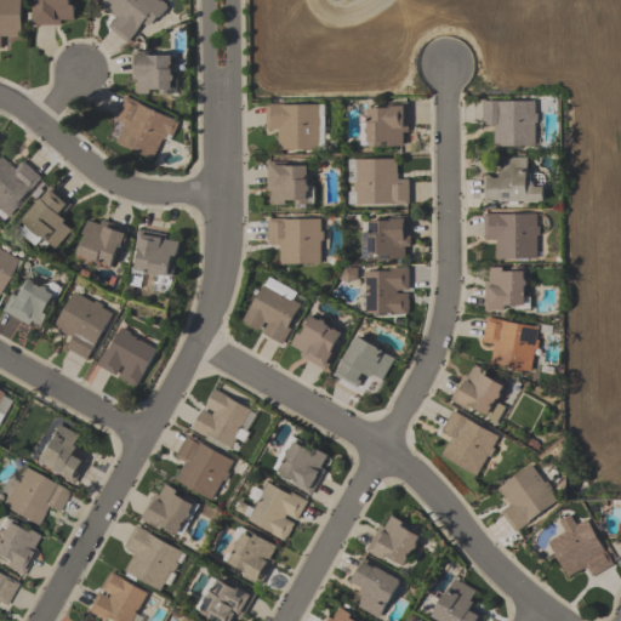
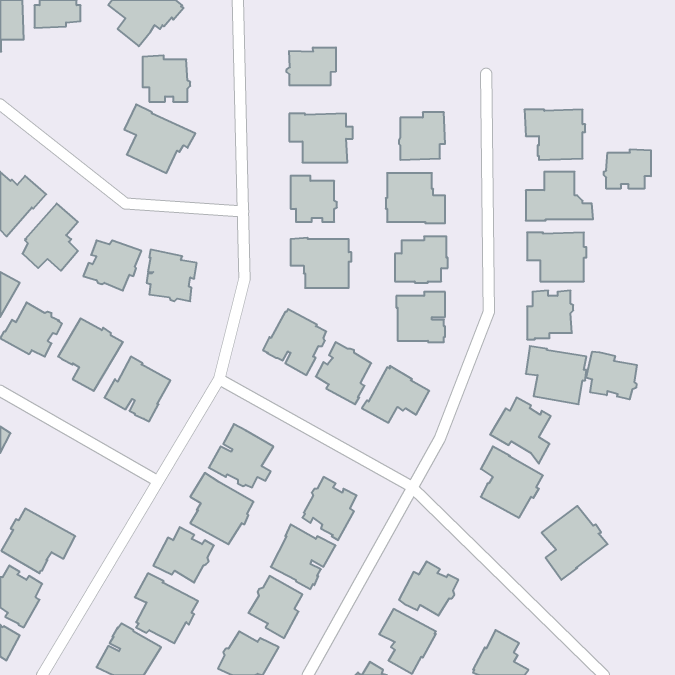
building: none -> [286,47,336,85]
building: none -> [604,149,651,189]
building: none -> [586,352,637,399]
building: [36,423,87,485] -> none
building: [548,514,614,577] -> none

